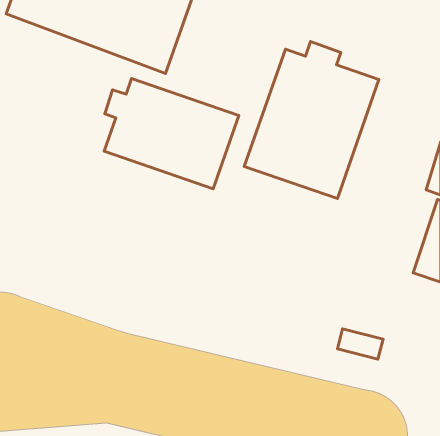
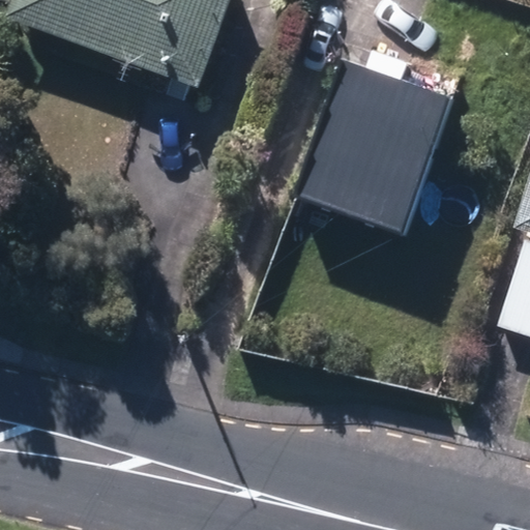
building: [104,79,239,189] -> none

